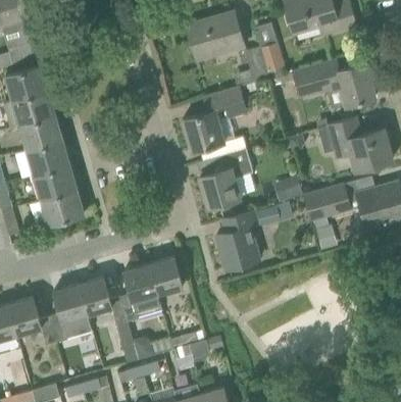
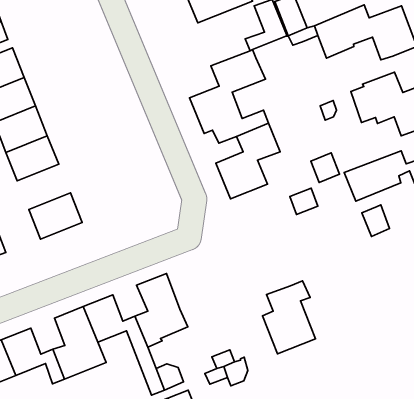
building: [34,164,77,199] -> none
building: [216,210,258,268] -> [263,281,316,354]
building: [149,256,183,294] -> none

